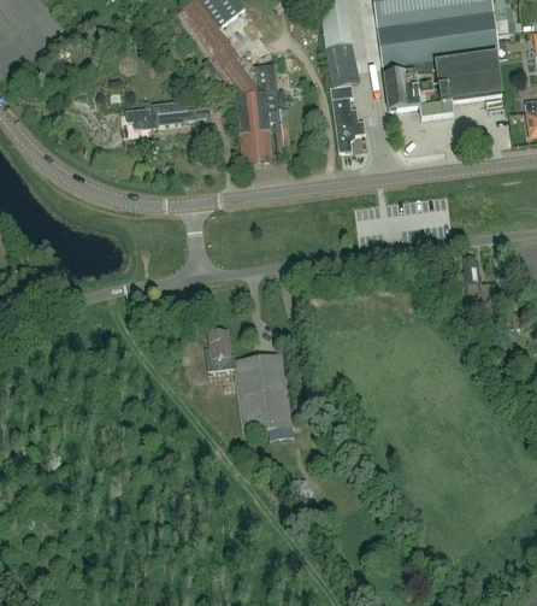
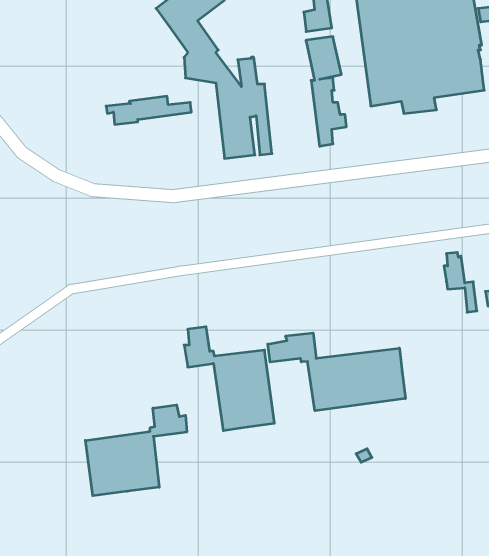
building: none -> [268,333,405,411]
building: none -> [85,405,187,496]

